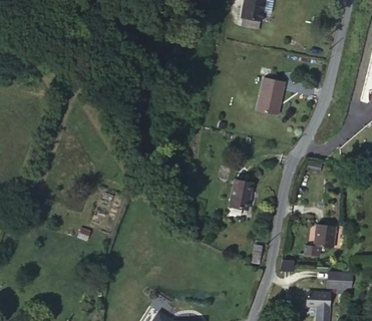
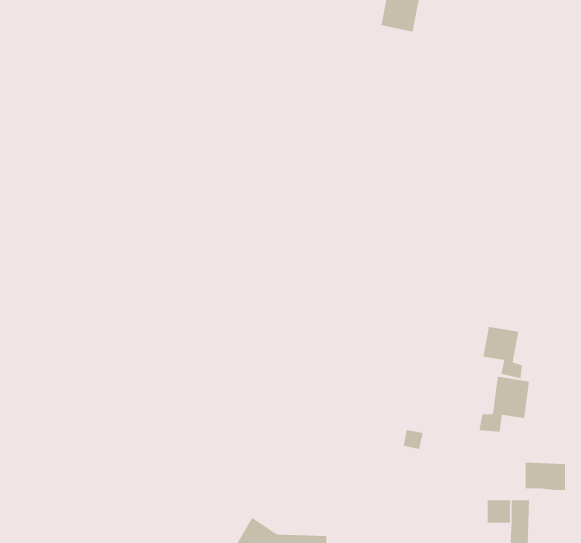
building: [260,79,289,115] -> none
building: [229,183,252,213] -> none
building: none -> [482,326,523,379]

